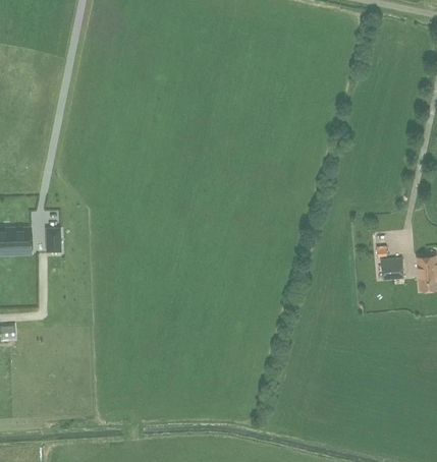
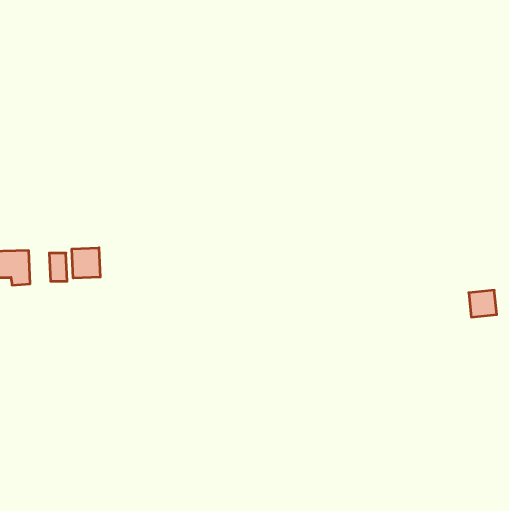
building: none -> [72,248,100,278]

